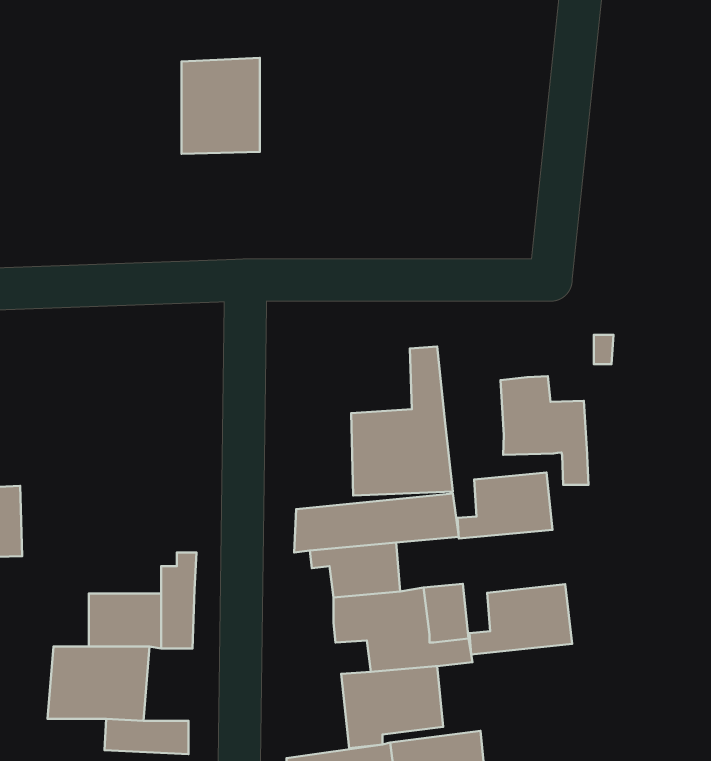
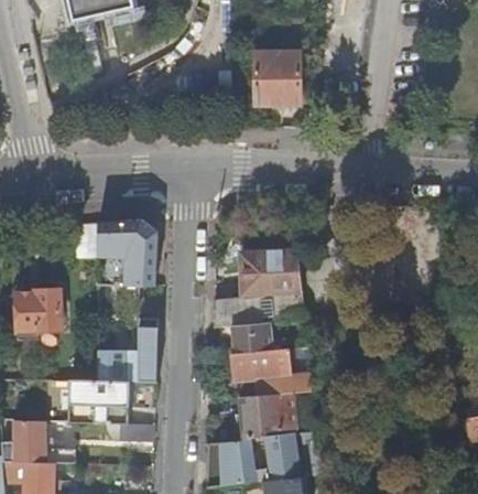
building: [181,58,260,154] -> [254,52,298,106]
building: none -> [97,222,156,287]
building: [500,376,588,485] -> none
building: [457,472,553,539] -> none
building: [469,584,572,655] -> none

